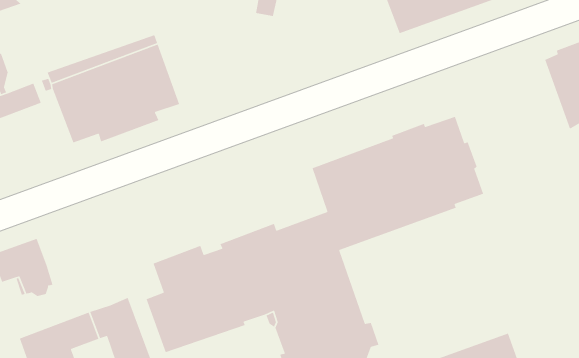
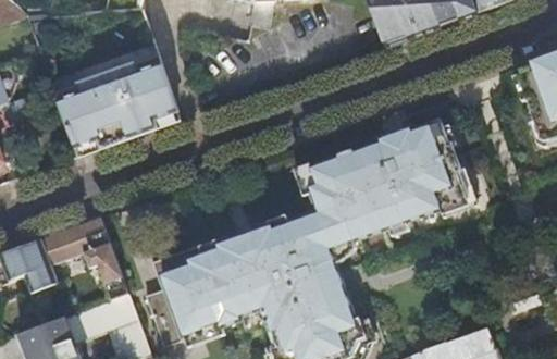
building: none -> [42,215,128,300]

